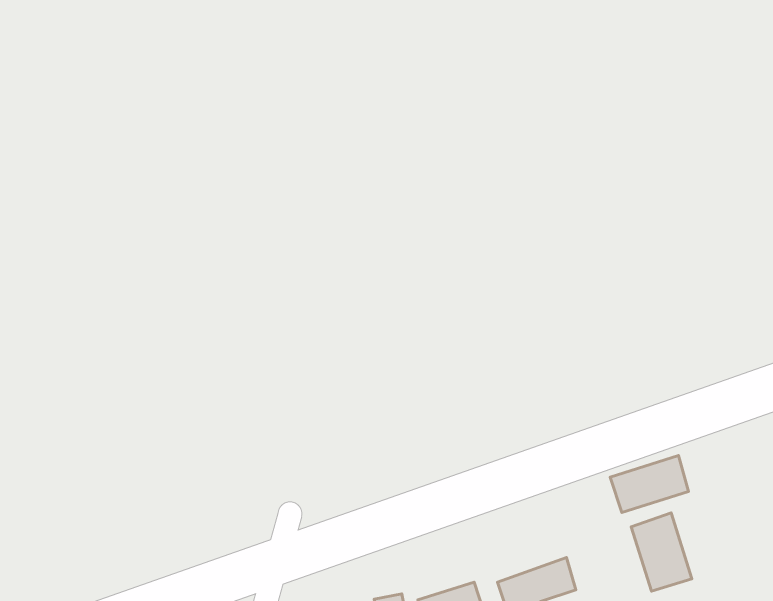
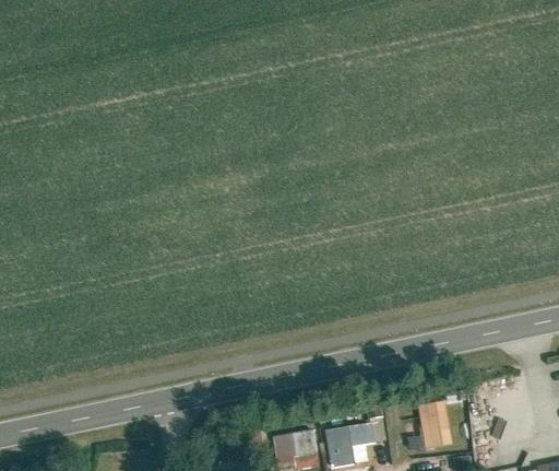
building: [610,455,689,512] -> none

